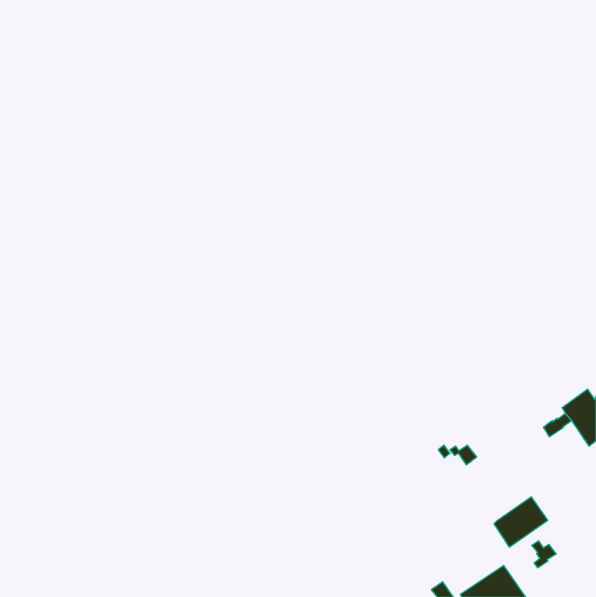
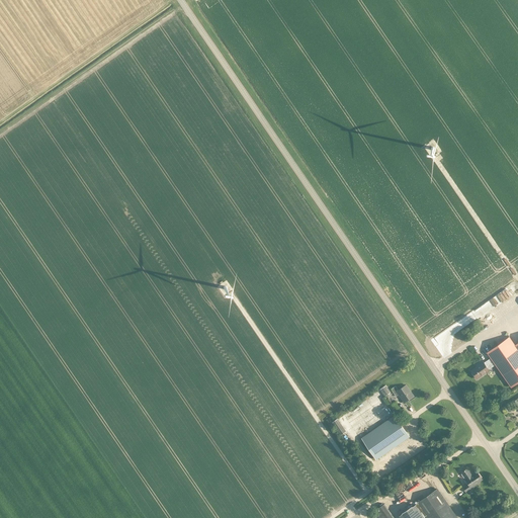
building: [494,497,548,547] -> [361,416,408,459]

